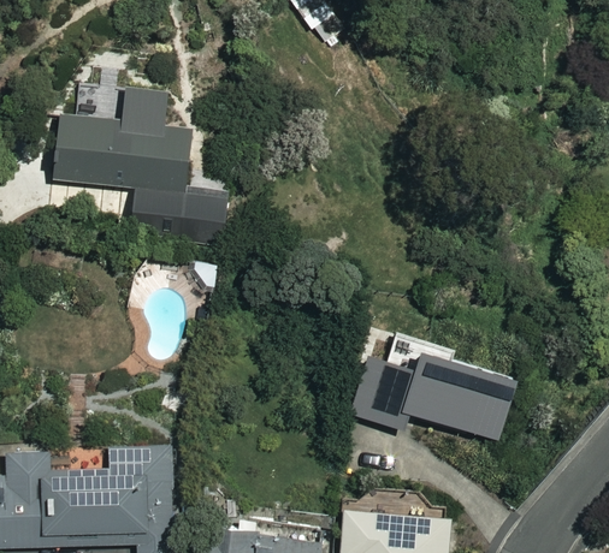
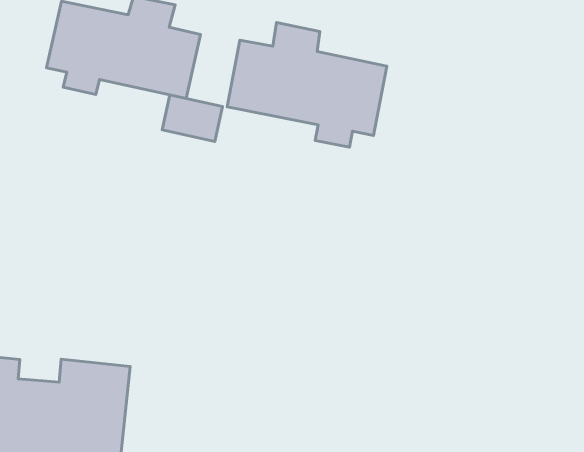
building: none -> [227,22,387,147]
building: [350,353,515,438] -> none

